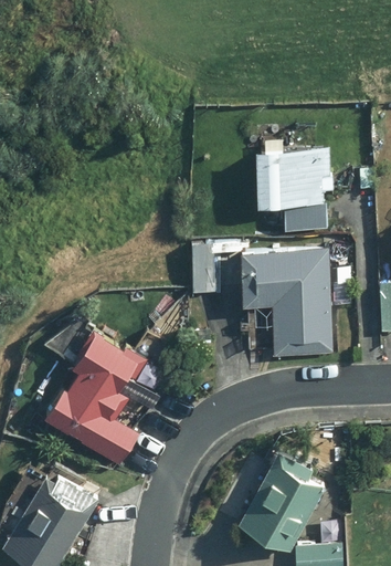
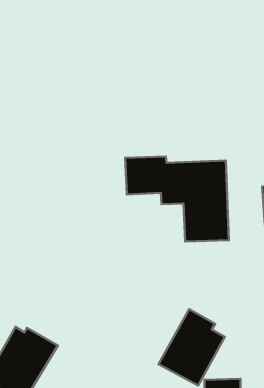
building: [253,148,334,233] -> none
building: [42,331,147,467] -> none

